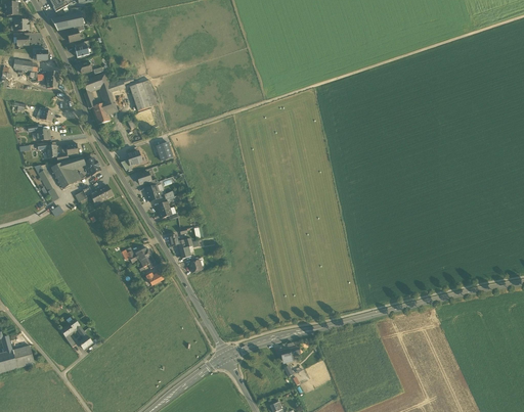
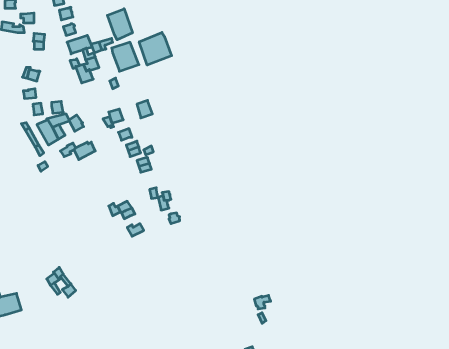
building: none -> [107,9,132,40]
building: none -> [139,32,172,65]

